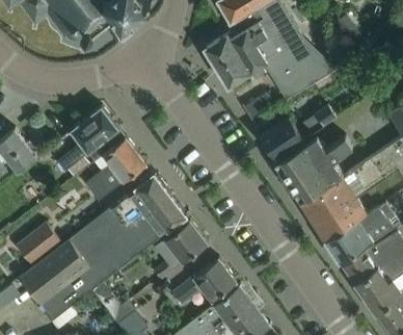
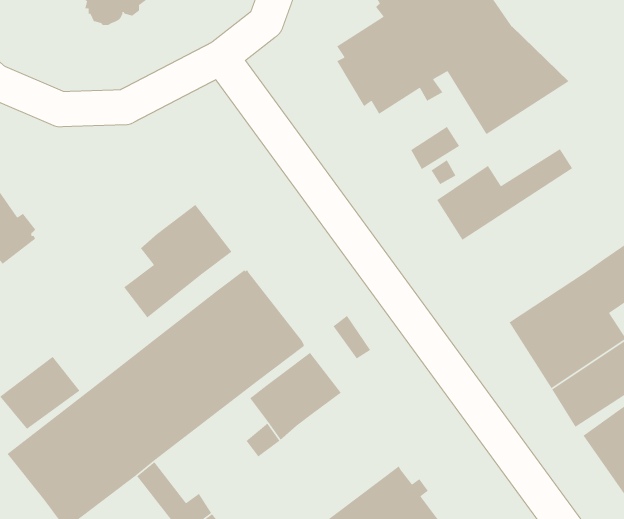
building: [57,106,126,172] -> none
building: [274,135,352,204] -> none
building: [171,258,237,304] -> none

